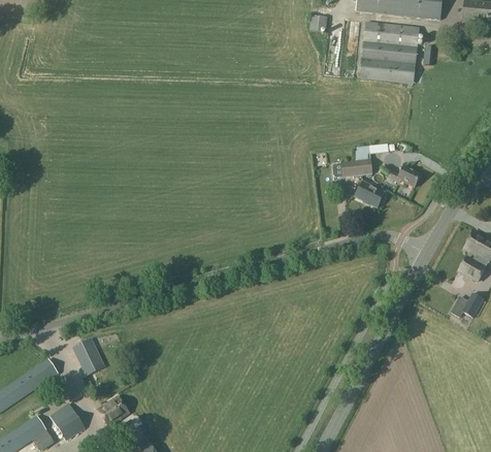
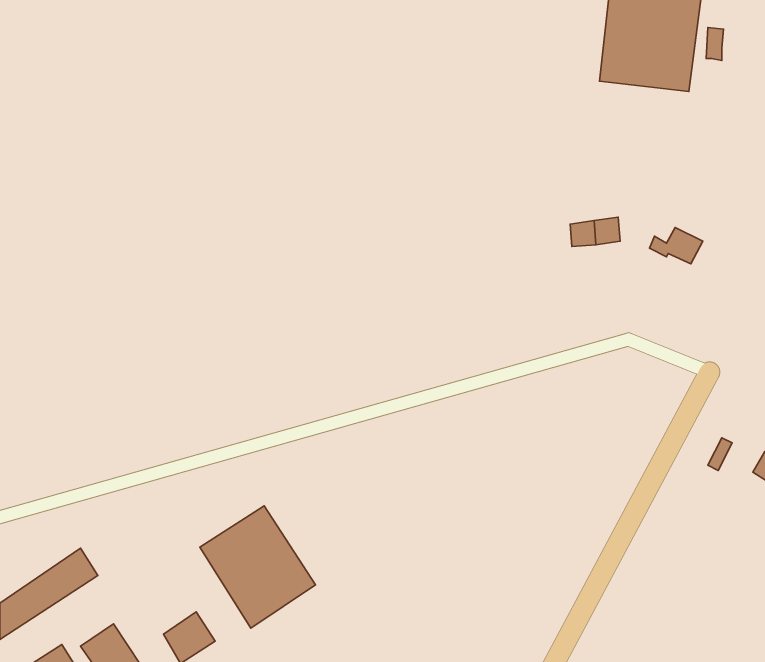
building: [355,181,386,207] -> none
building: none -> [200,506,315,628]
building: [72,337,105,376] -> none

